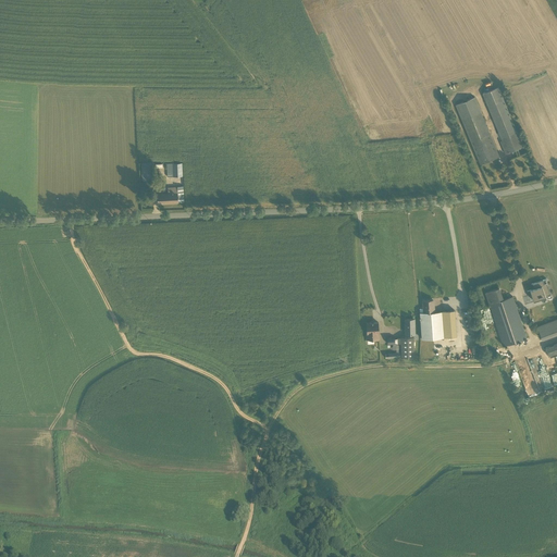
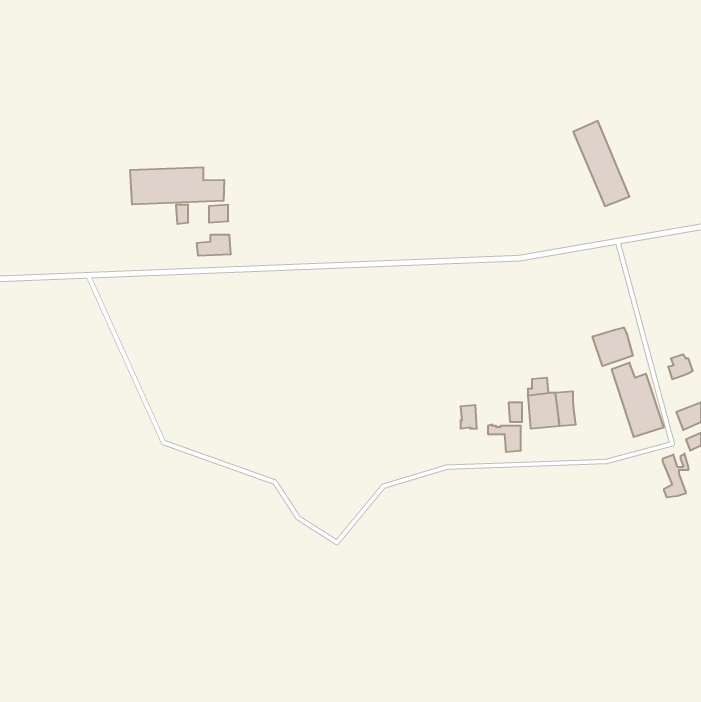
building: [481,86,522,153] -> none
building: none -> [130,167,224,205]
building: none -> [593,327,633,366]

